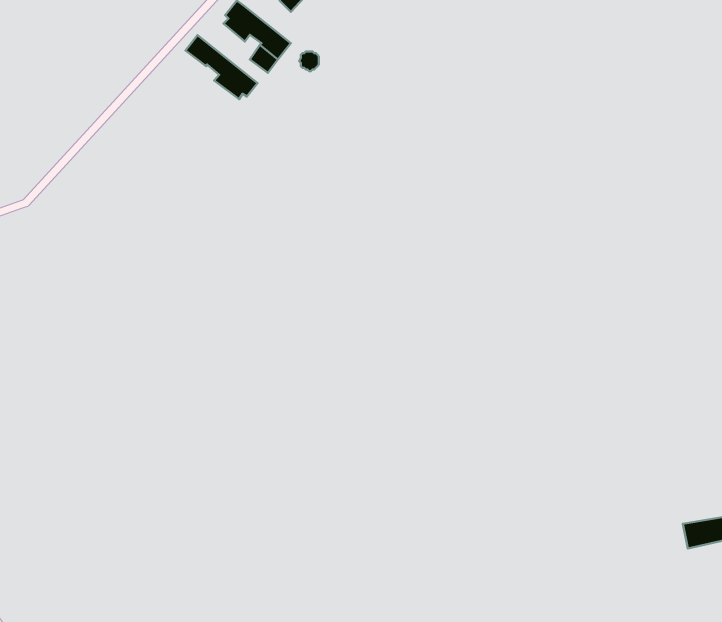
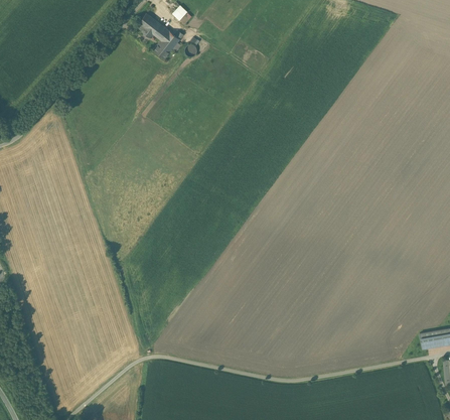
building: [186,35,258,99] -> none

